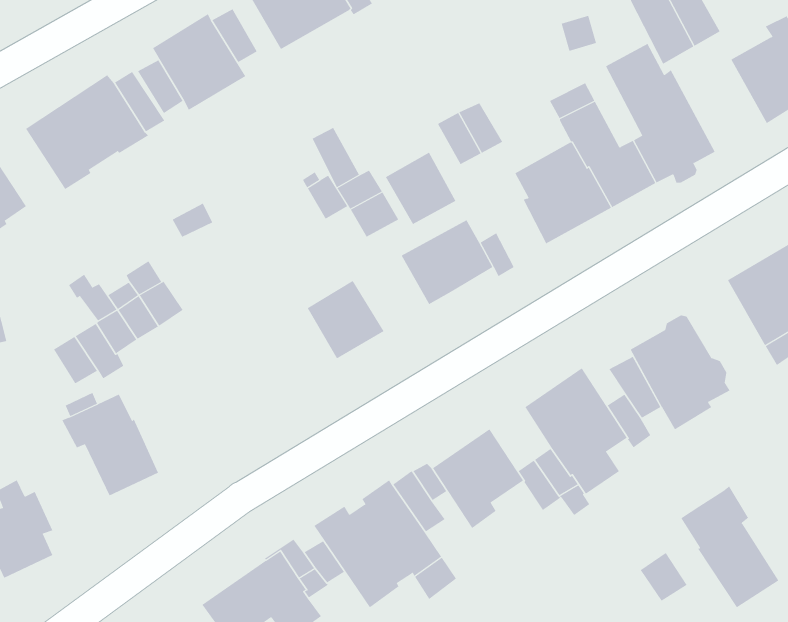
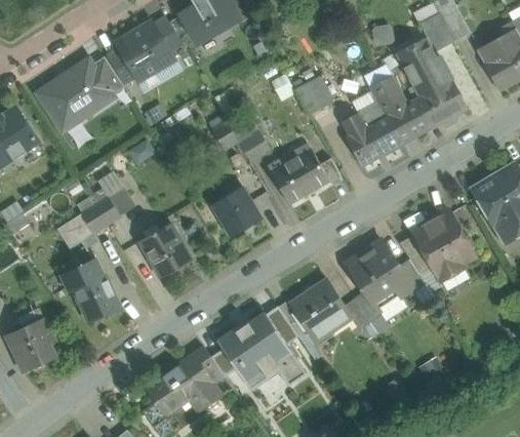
building: [385,152,456,225] -> none
building: none -> [138,225,191,278]
building: [681,485,779,608] -> none

